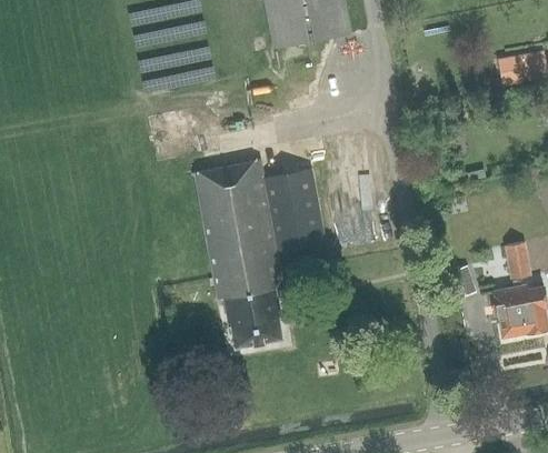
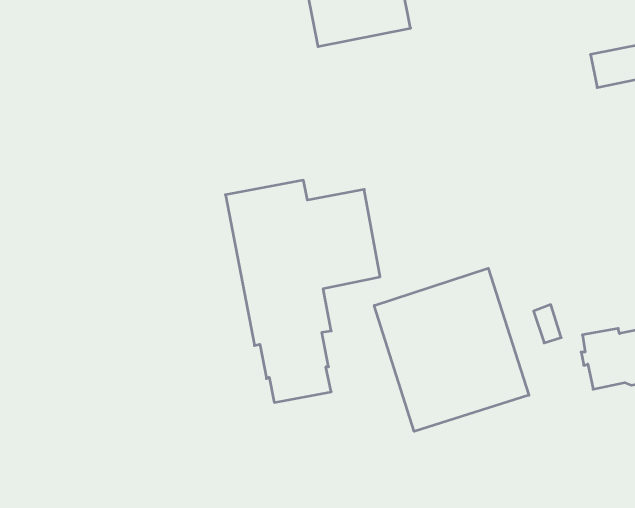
building: none -> [374,268,529,431]
building: [506,241,531,280] -> none

